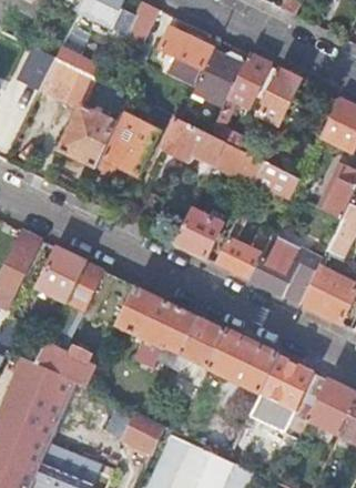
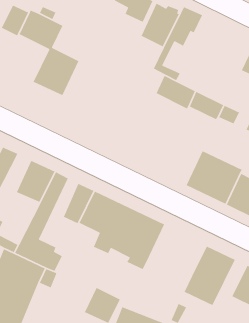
building: [257,69,302,125] -> none
building: [82,95,161,205] -> none
building: [162,116,224,175] -> none
building: [175,209,223,257] -> none
building: [216,237,263,279] -> none
building: [206,328,277,401] -> none

